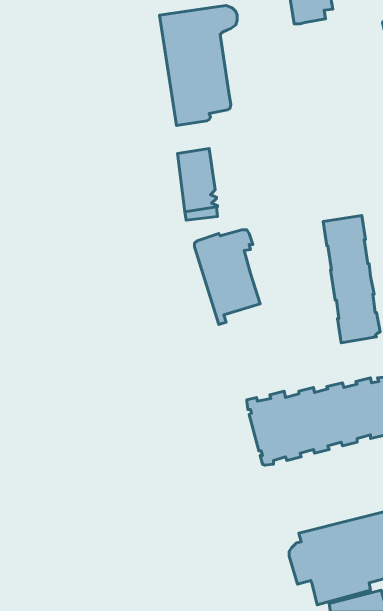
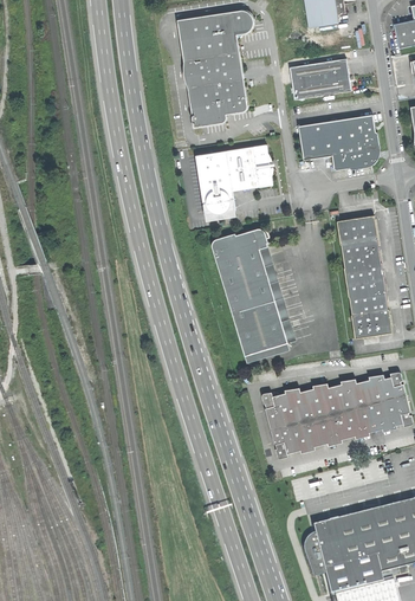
building: none -> [291,59,352,99]
building: none -> [298,114,378,169]
building: none -> [226,144,272,189]
building: none -> [235,300,288,356]

